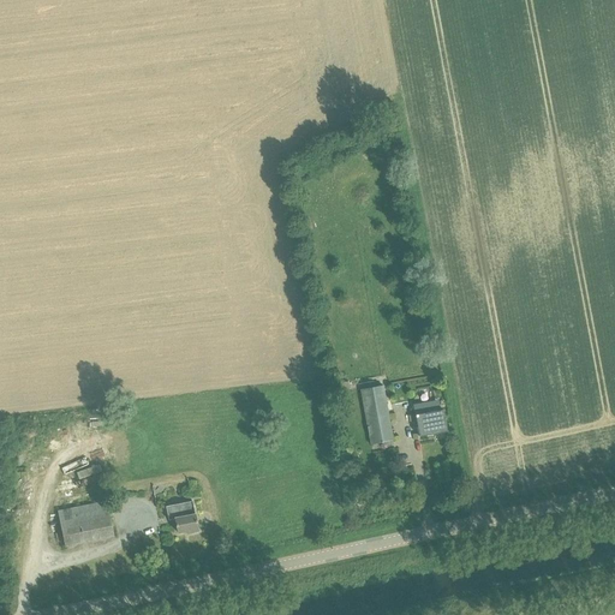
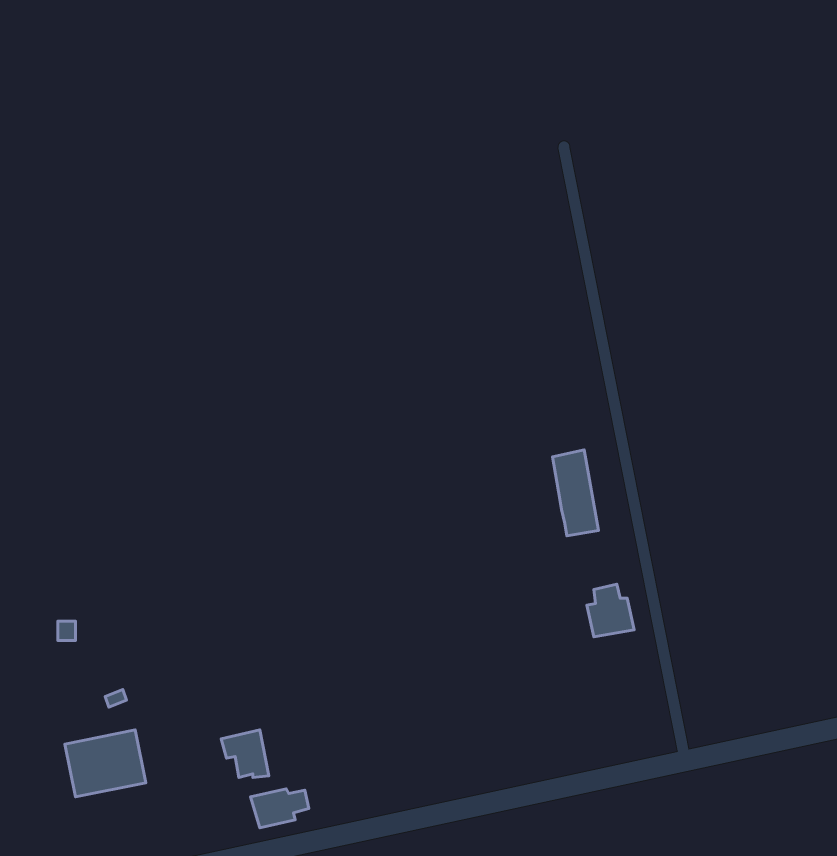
building: [360,384,392,443] -> [553,450,598,536]
building: none -> [251,789,309,828]

